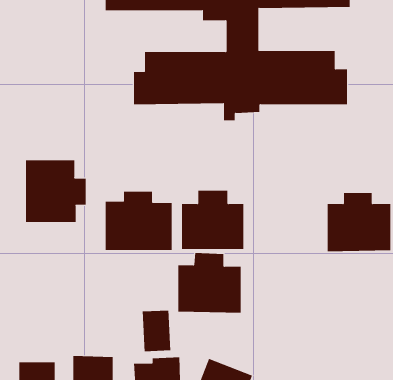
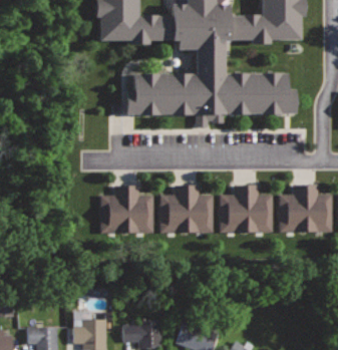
building: [25,159,86,223] -> none
building: [177,253,242,313] -> [220,185,272,234]
building: [142,310,171,352] -> none

